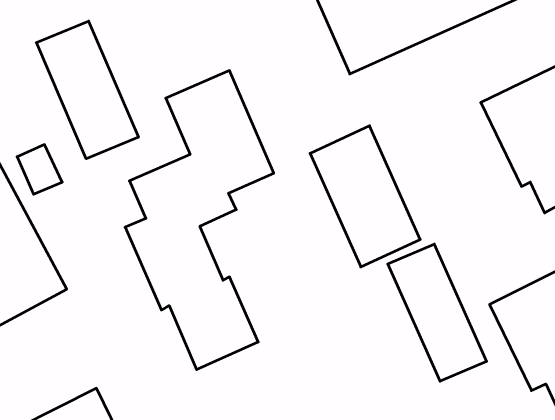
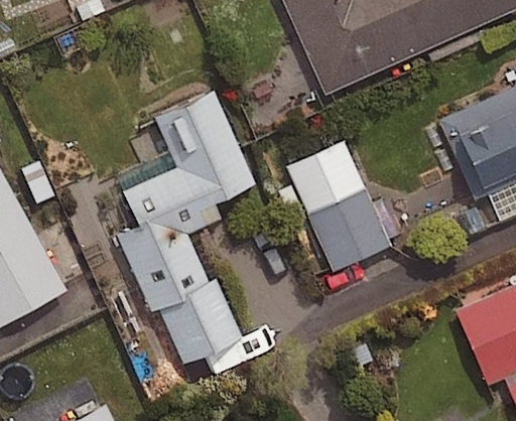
building: [36,21,138,159] -> none
building: [388,244,487,381] -> none

